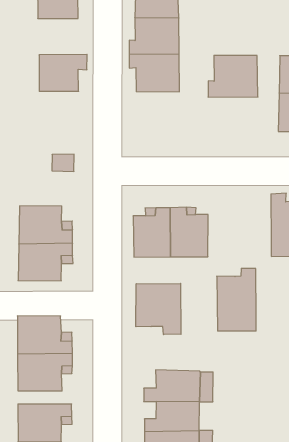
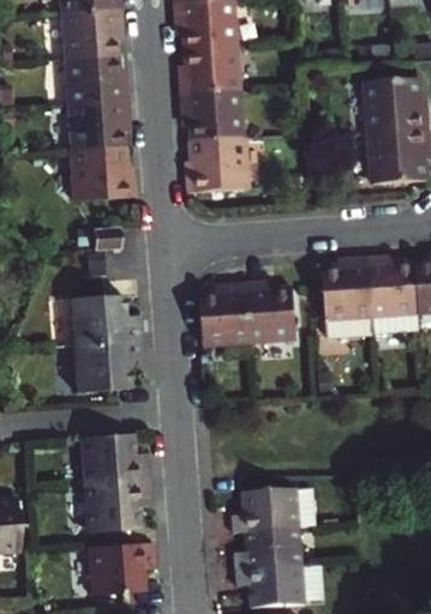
building: none -> [62,55,127,104]
building: [208,55,258,97] -> [187,138,251,194]
building: none -> [71,146,136,201]
building: [217,268,256,331] -> [322,258,376,339]
building: [136,283,181,335] -> none

